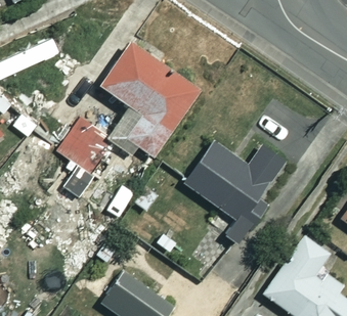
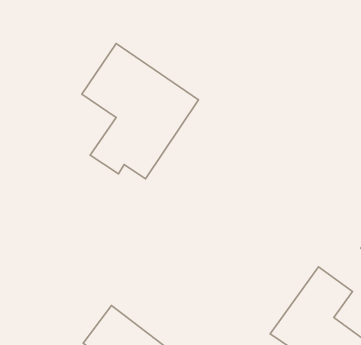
building: [55,119,109,176] -> none
building: [184,143,291,242] -> none

